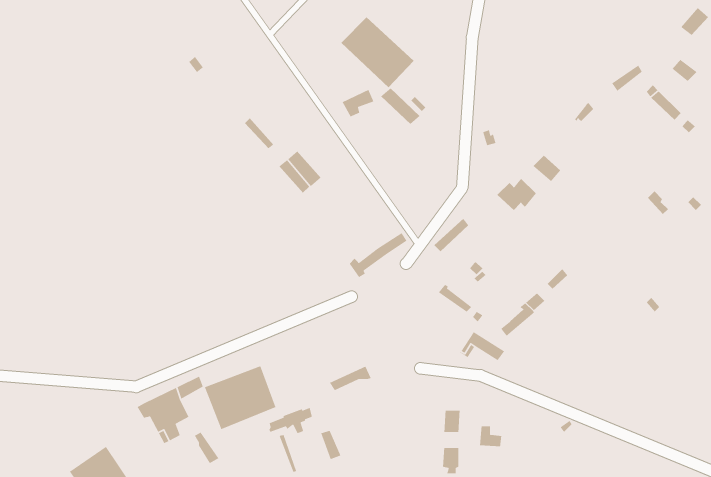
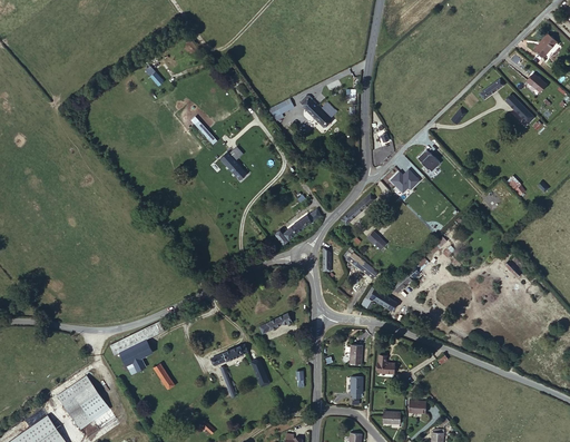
building: [340,16,414,88] -> none
building: [204,365,276,430] -> none

